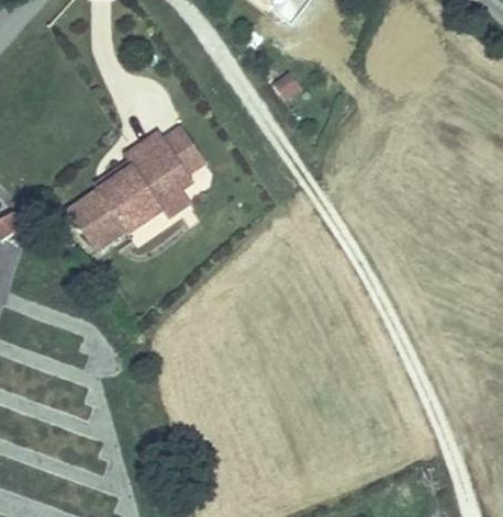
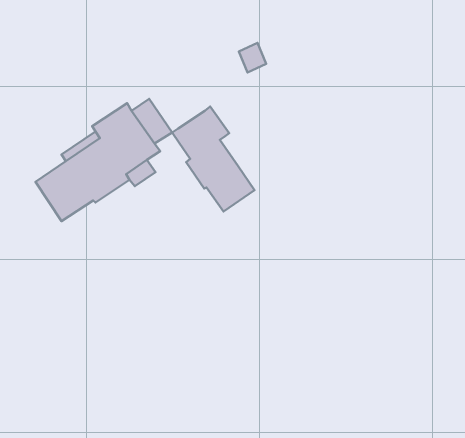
building: none -> [172,107,254,212]

